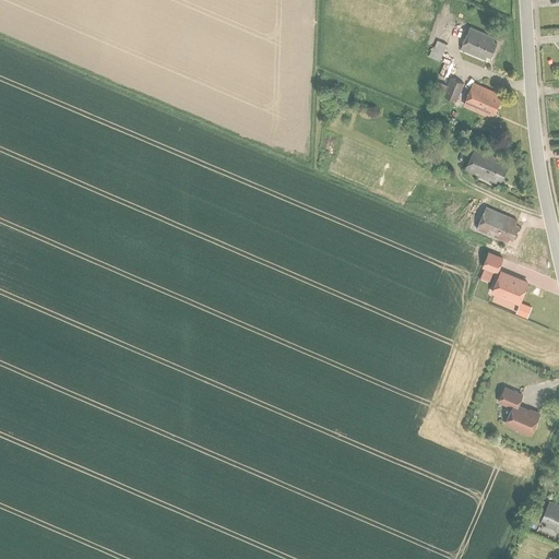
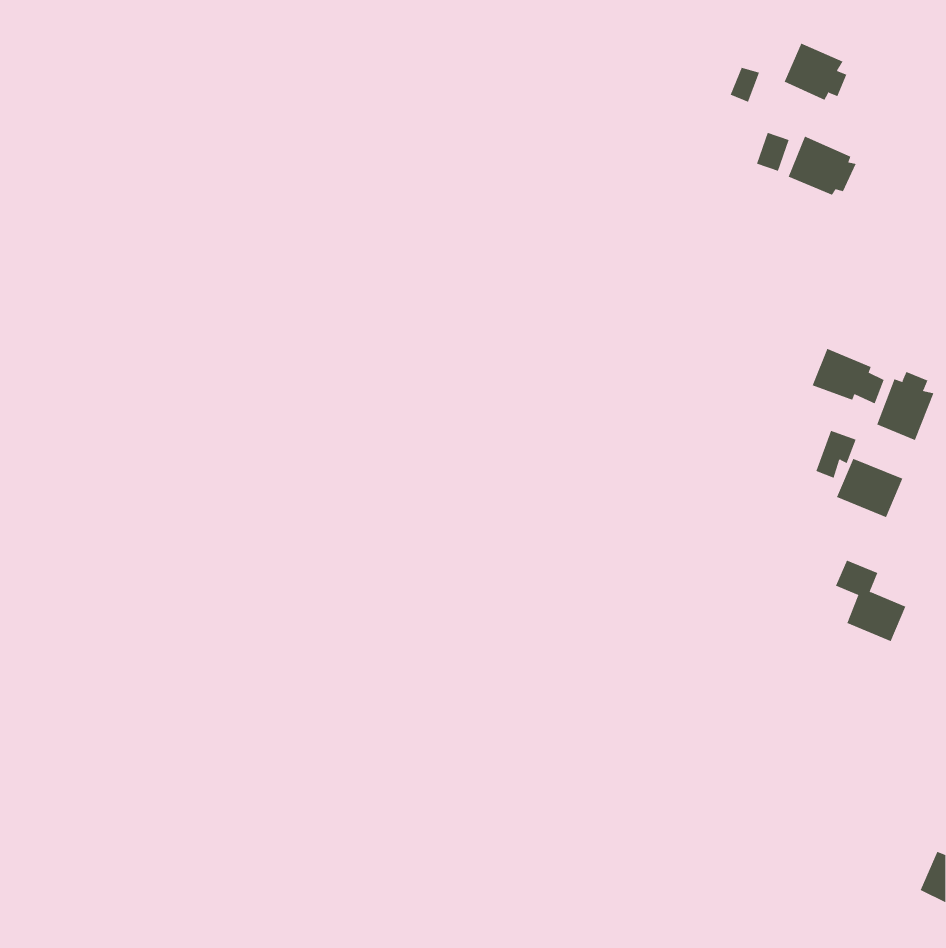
building: [464,147,508,185] -> none
building: none -> [876,371,934,441]
building: [498,389,539,437] -> [835,560,906,642]

